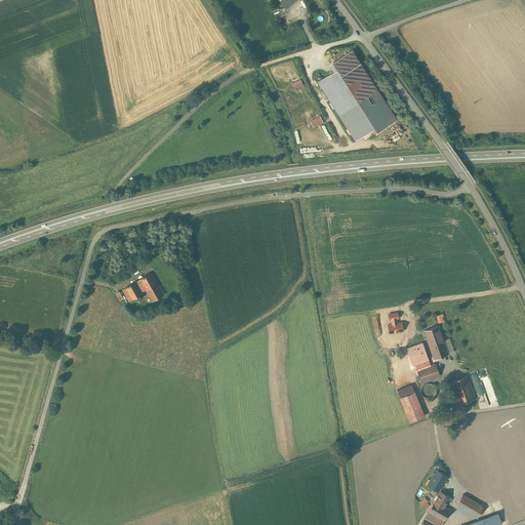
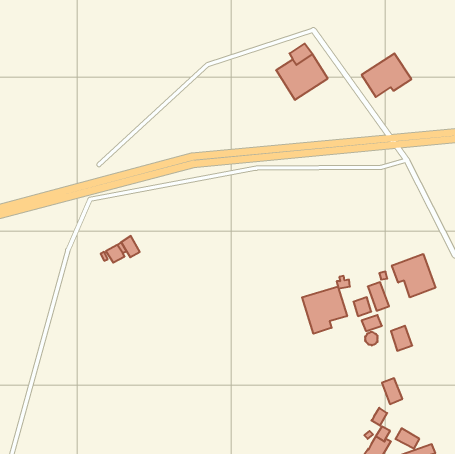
building: [339,91,397,142] -> [362,53,411,97]
building: none -> [392,254,435,297]
building: none -> [302,287,347,334]
building: [400,393,423,422] -> [382,378,402,404]

